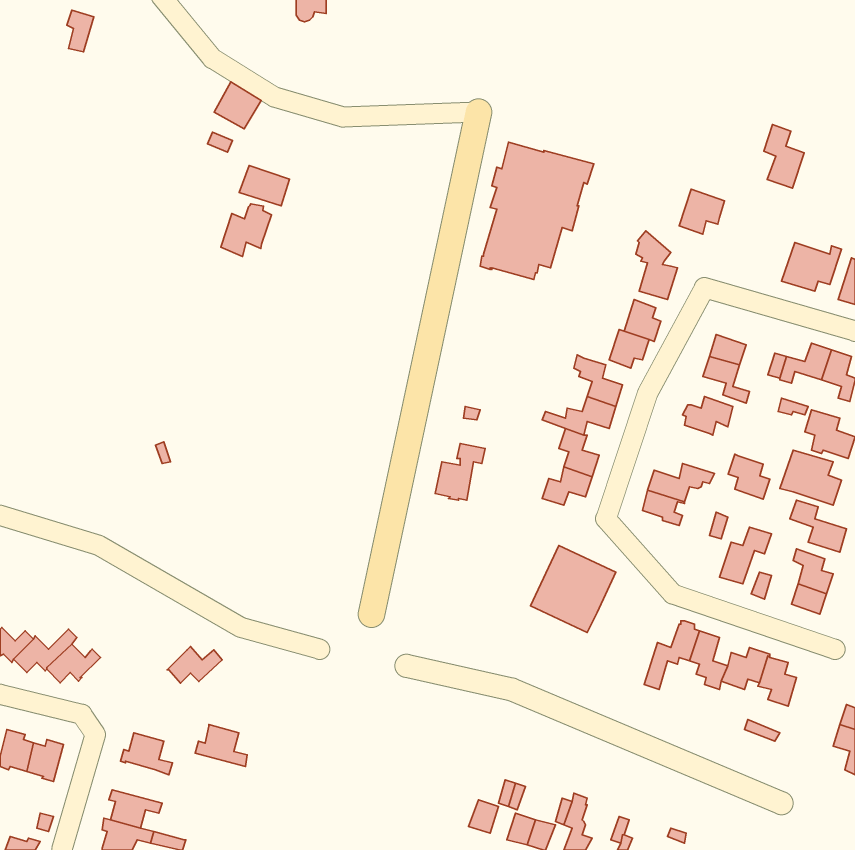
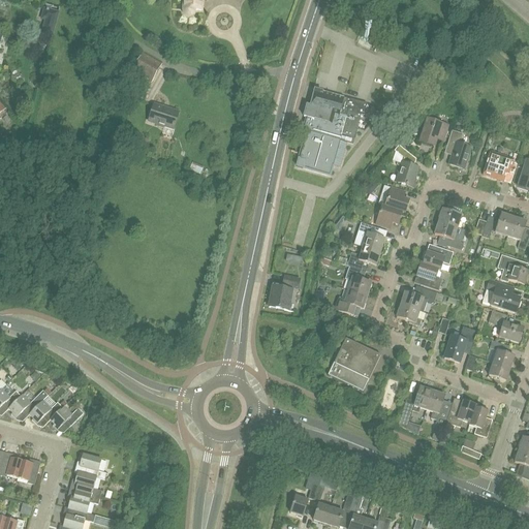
building: [764,124,804,188] -> [446,128,471,167]
building: [221,204,272,257] -> none
building: [728,454,770,499] -> [416,261,442,289]
building: [167,646,222,683] -> [50,404,84,427]
building: [195,725,247,766] -> [69,470,101,496]

